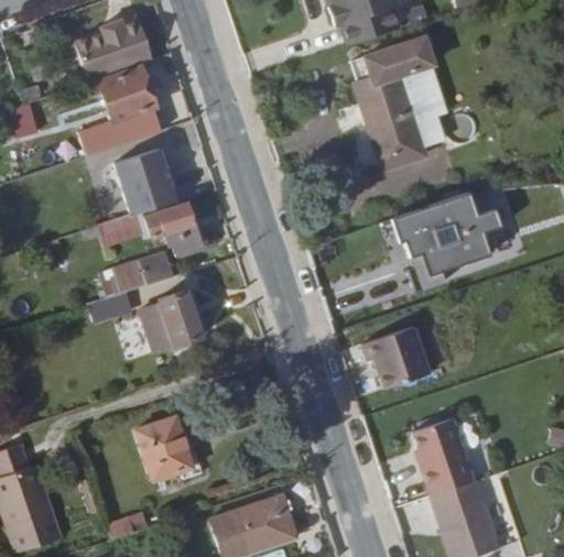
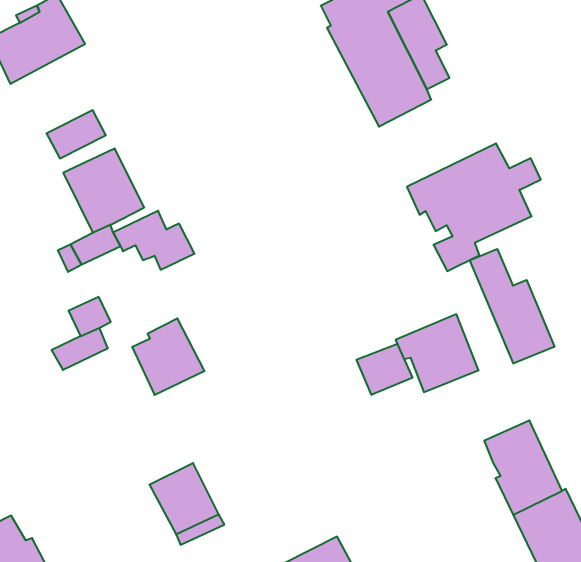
building: [89,72,148,128] -> none
building: [126,254,174,290] -> none
building: none -> [470,249,554,364]
building: none -> [357,344,412,395]

